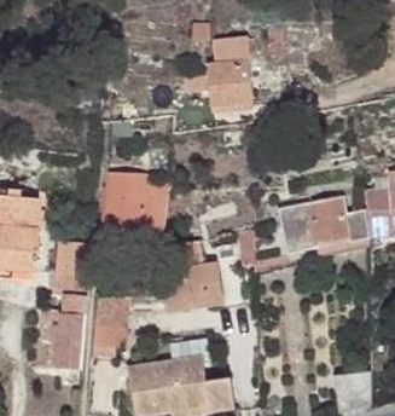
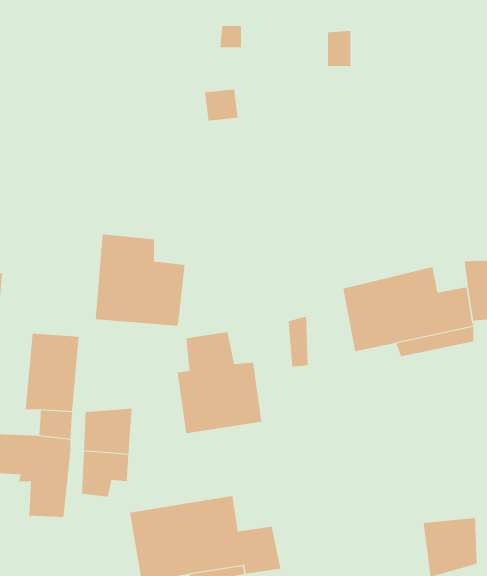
building: [208,35,254,106] -> none

